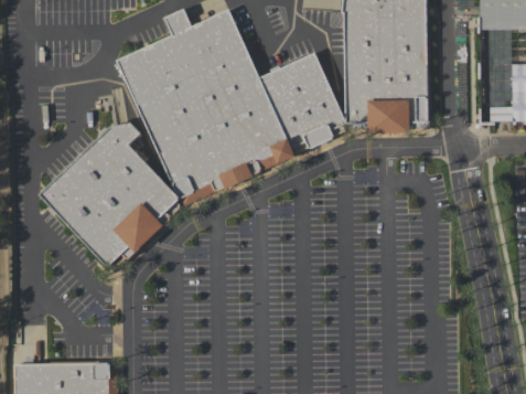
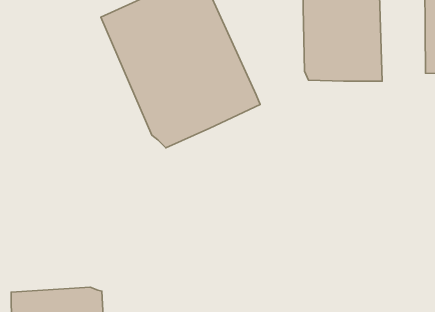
building: [258,51,348,148] -> none
building: [39,123,182,268] -> none

